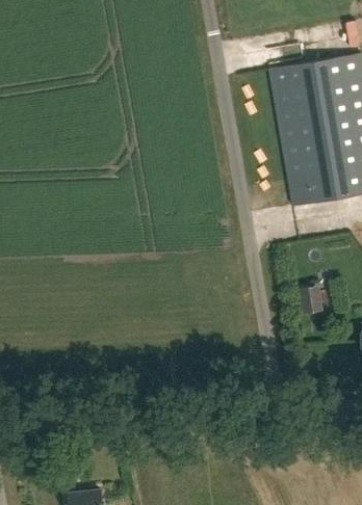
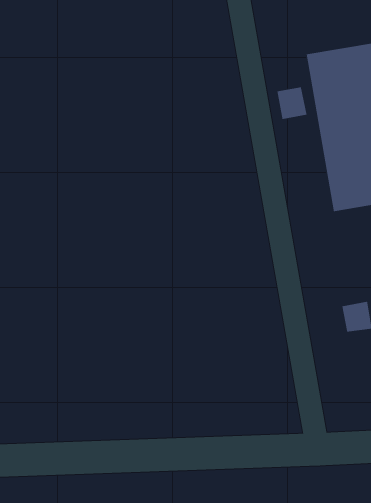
building: none -> [277,86,307,120]

